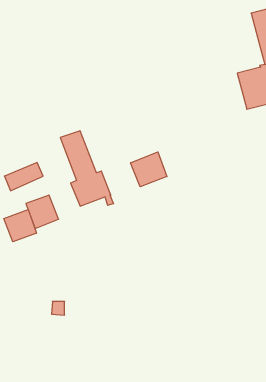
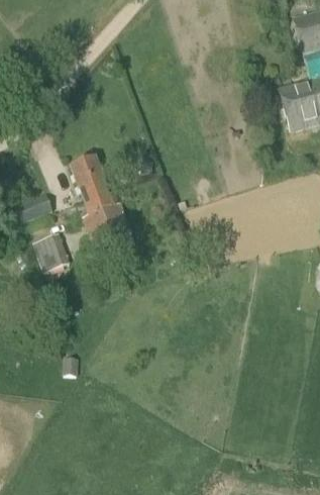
building: [131,152,167,187] -> none
building: [4,209,36,242] -> none

